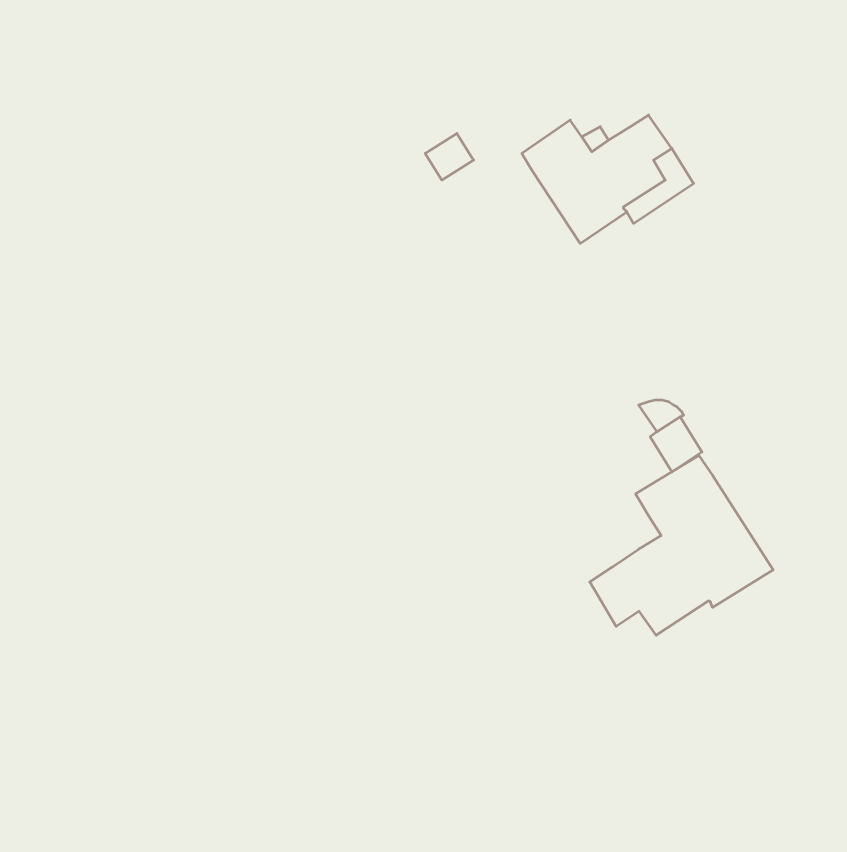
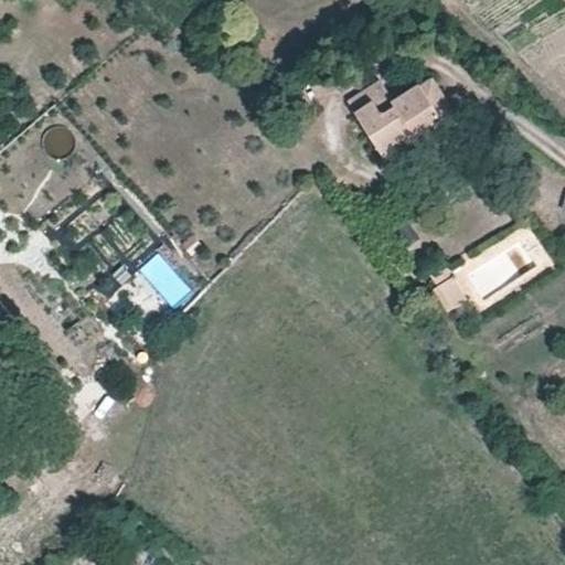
building: [590,455,773,635] -> none

